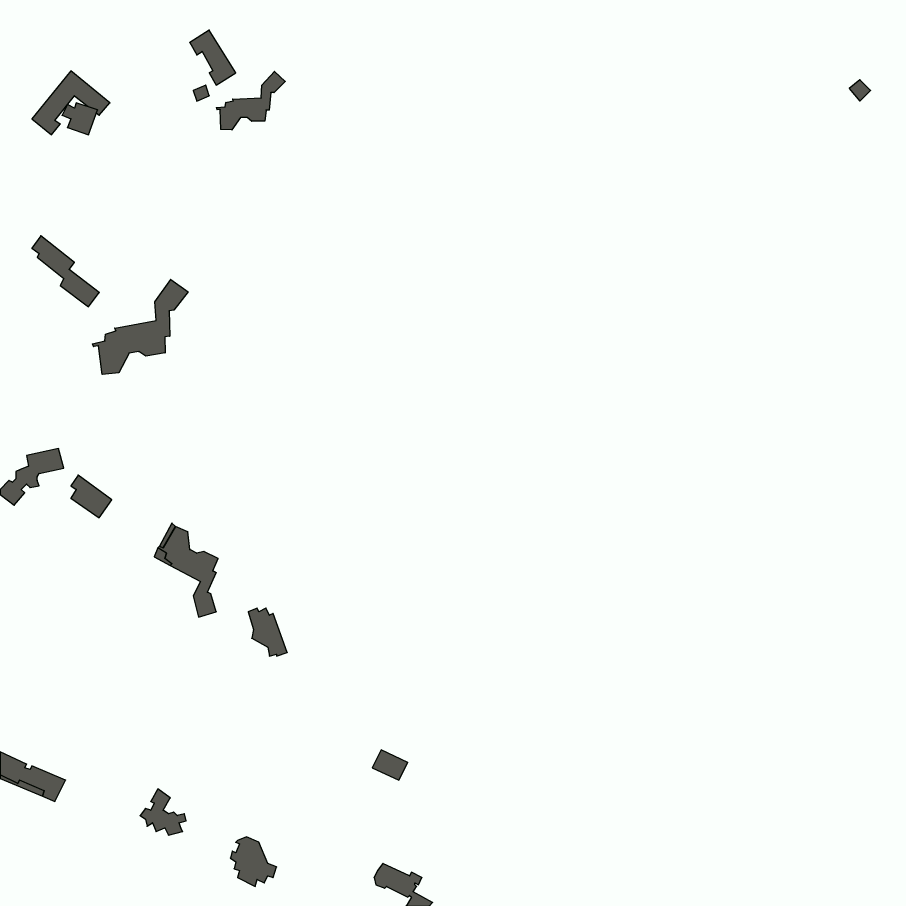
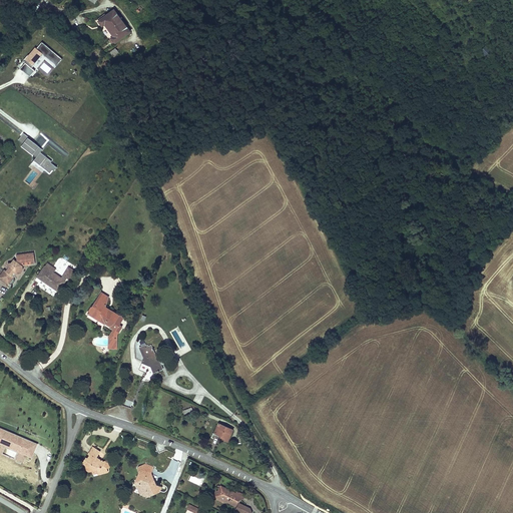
building: [216,71,285,130] -> none
building: [92,279,188,374] -> none

